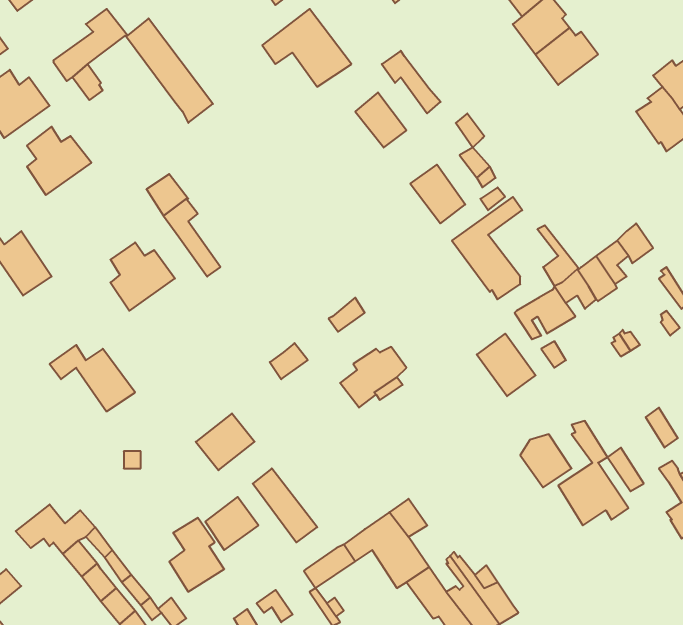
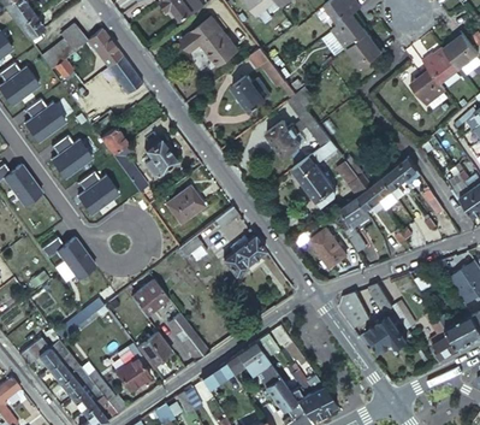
building: none -> [51,135,91,177]
building: none -> [144,138,174,177]
building: none -> [164,185,205,224]

